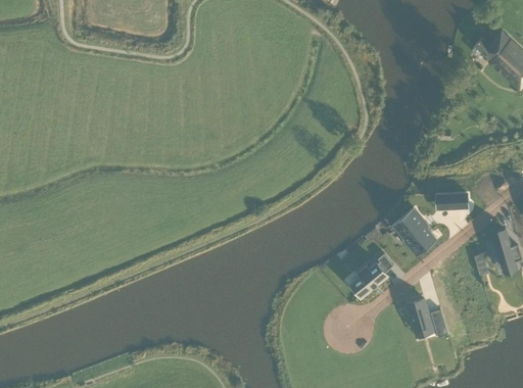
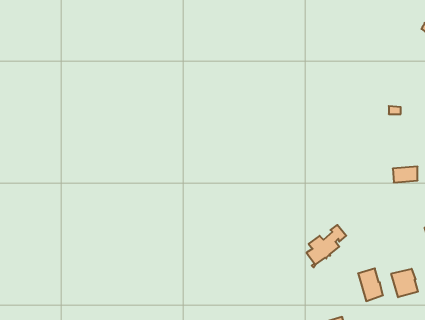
building: [397,210,436,253] -> none
building: none -> [391,269,418,297]

